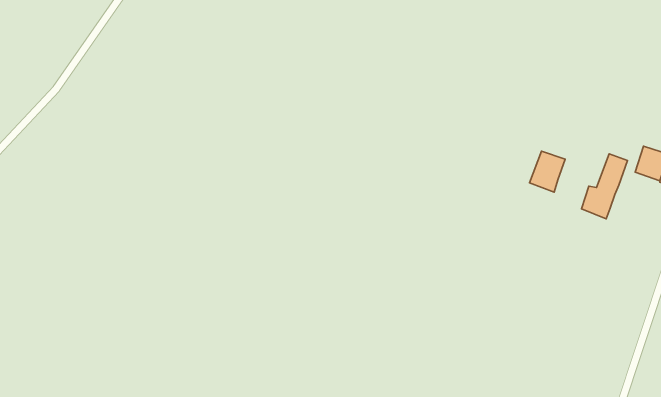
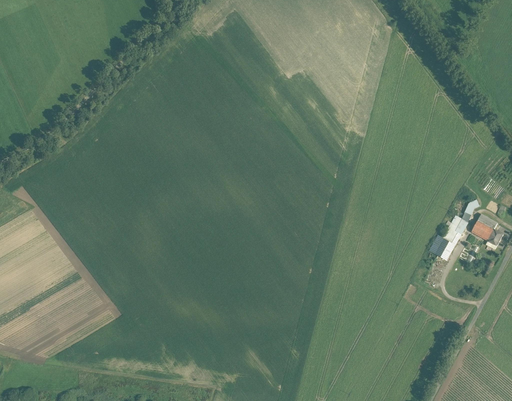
building: [530,151,565,192] -> none

